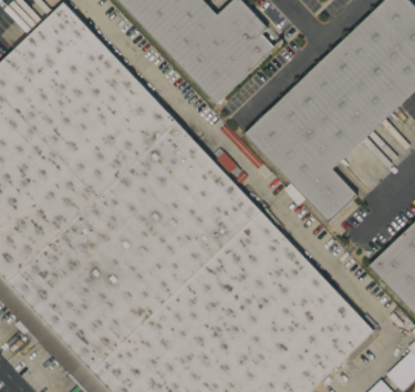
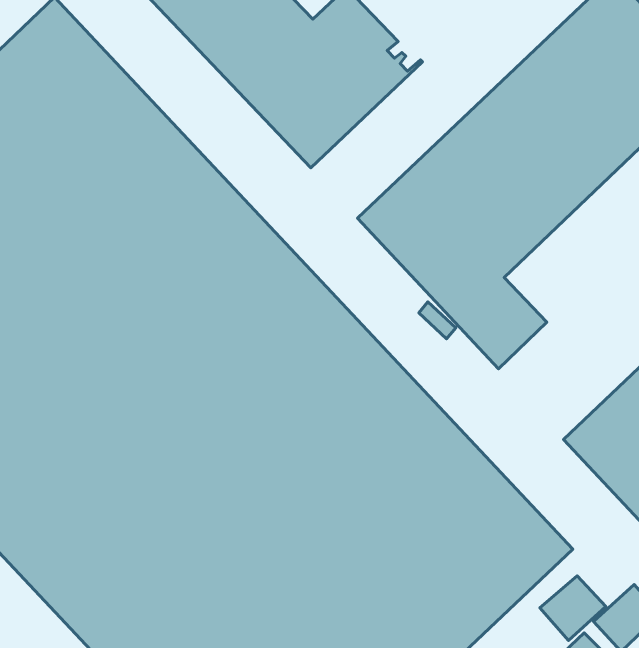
building: none -> [540,576,606,640]

